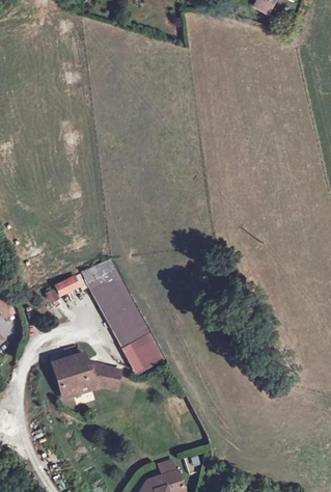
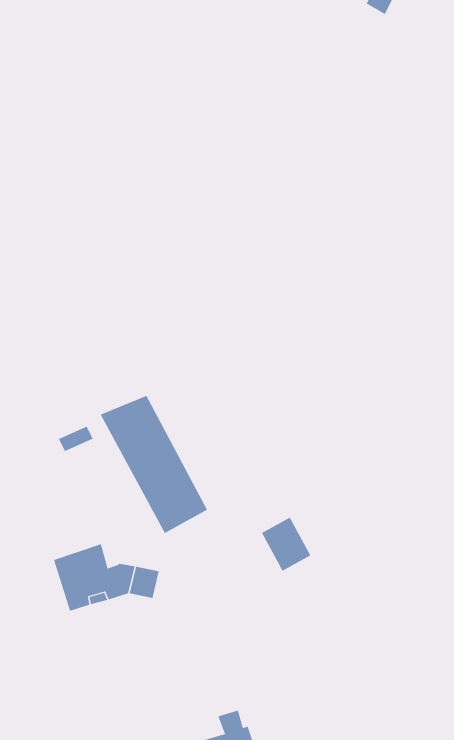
building: [132,332,164,367] -> [261,517,311,572]

